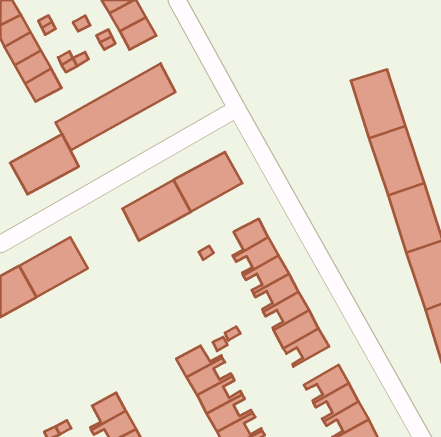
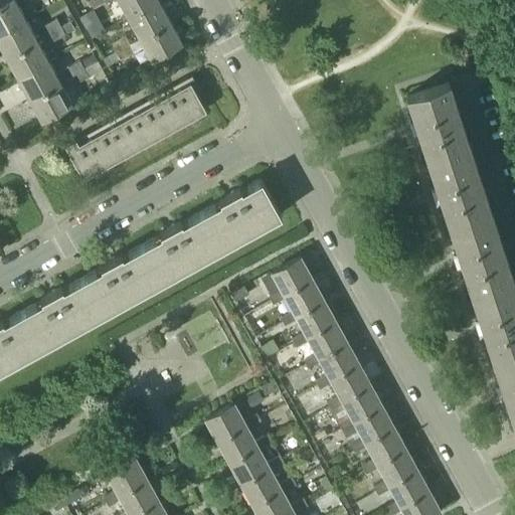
building: [10,134,79,194] -> [84,249,164,319]
building: none -> [343,409,395,454]

